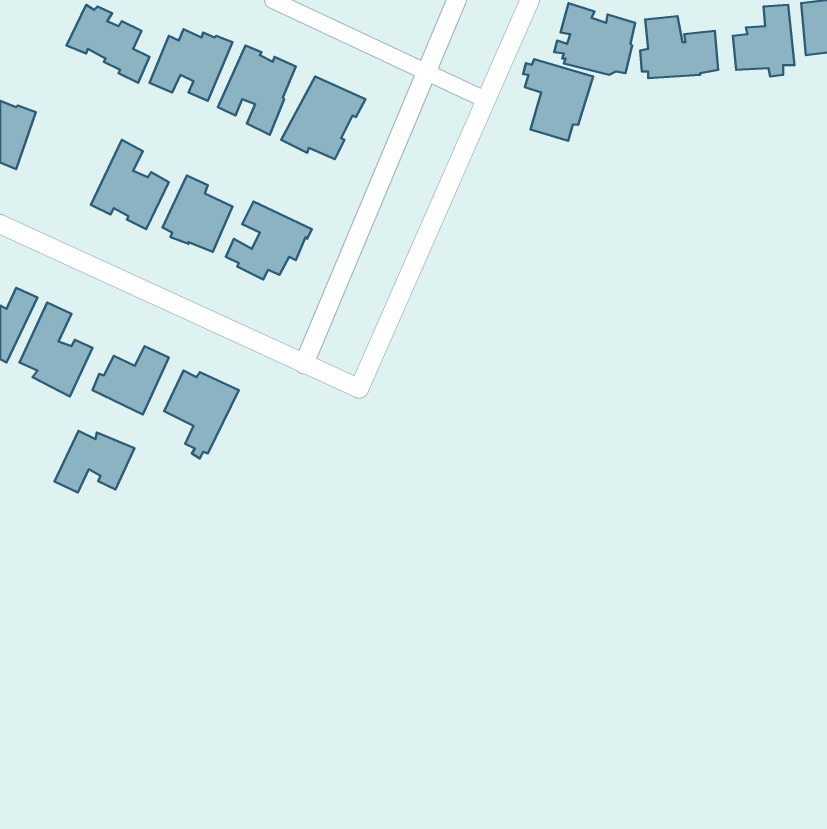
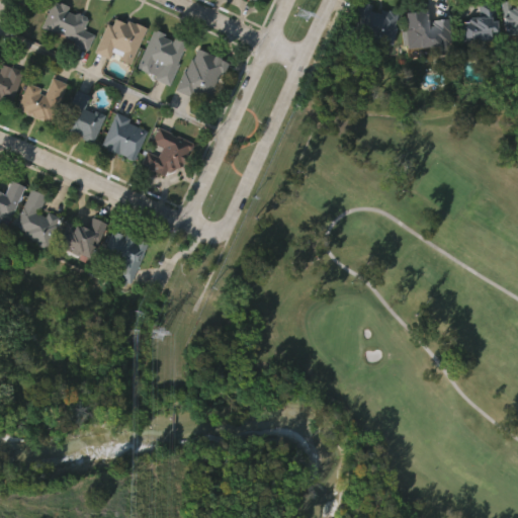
building: [523,59,593,141] -> none
building: none -> [16,77,69,123]
building: [54,431,135,493] -> none

